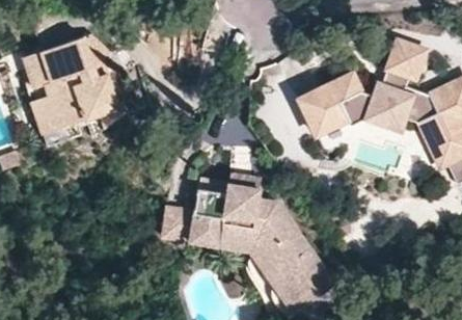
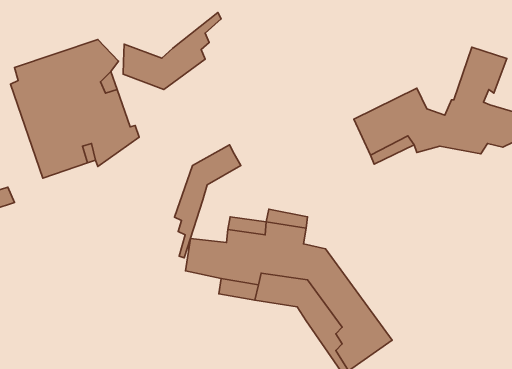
building: none -> [123,13,221,90]
building: none -> [175,145,241,258]

